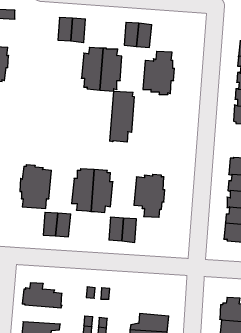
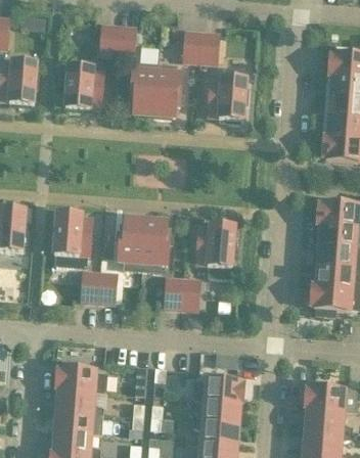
building: none -> [64,66,103,111]
building: [110,91,134,142] -> none
building: none -> [193,372,243,403]
building: none -> [56,388,103,413]

